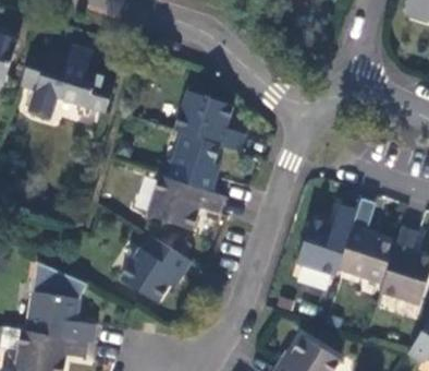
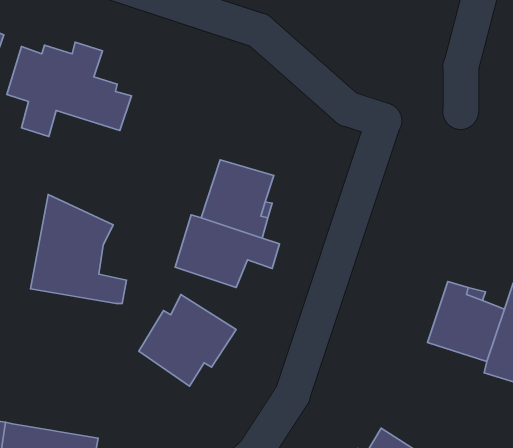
building: [172,92,244,152] -> none
building: [295,205,355,278] -> none
building: [24,262,96,344] -> [31,195,126,303]

